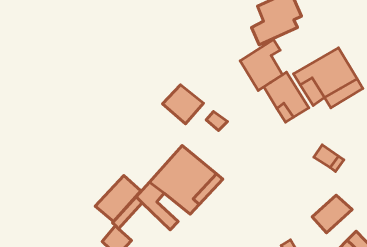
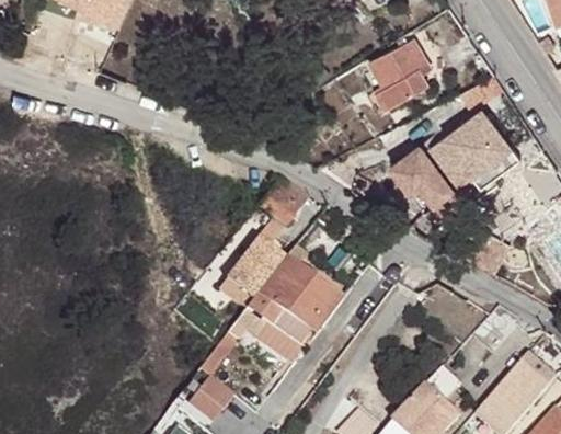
building: [240,40,283,90] -> none
building: [95,176,141,221] -> [228,238,287,300]

